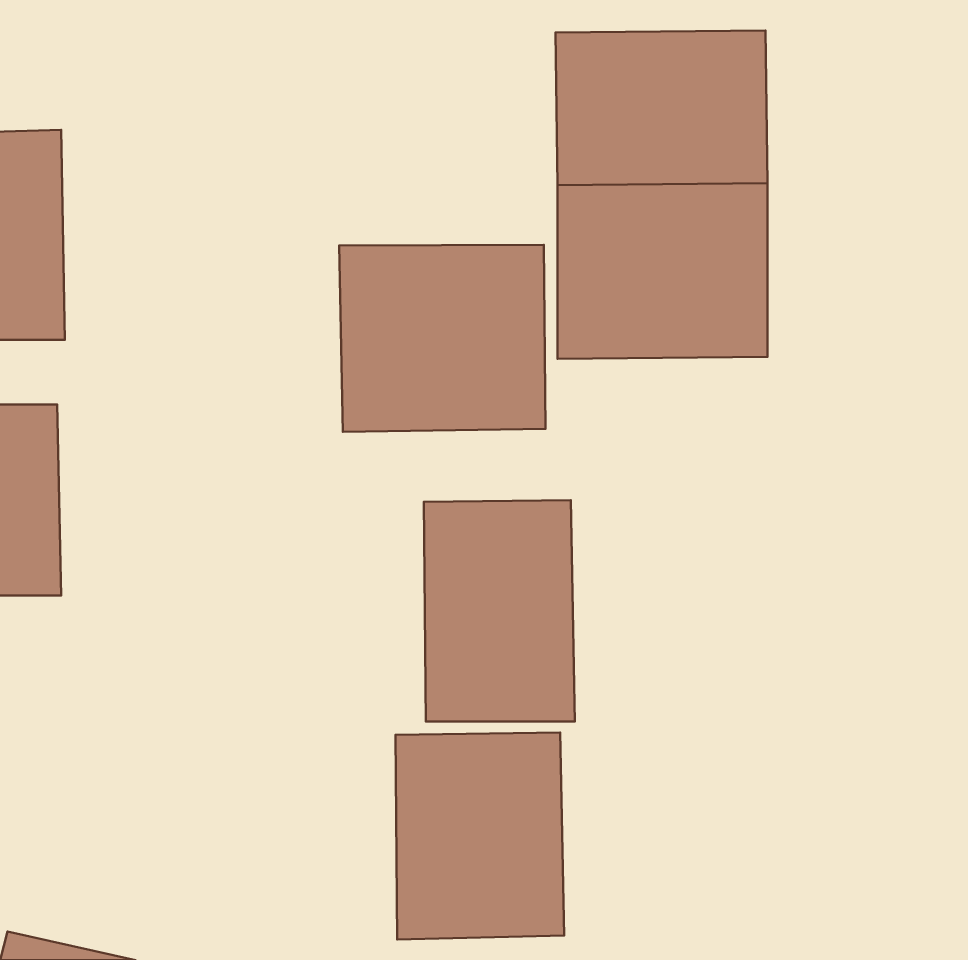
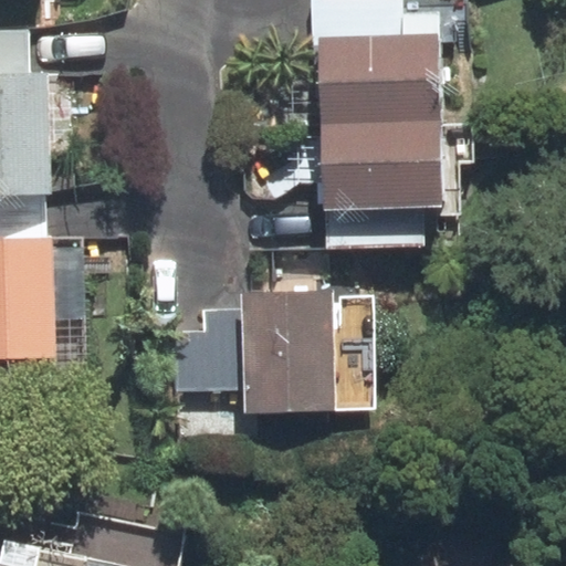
building: [339,245,545,432] -> none
building: [395,733,564,939] -> none

